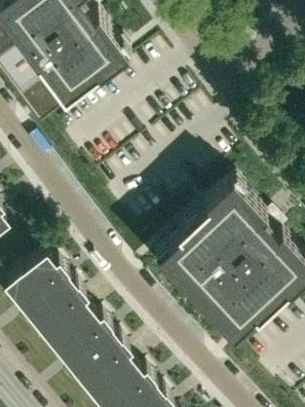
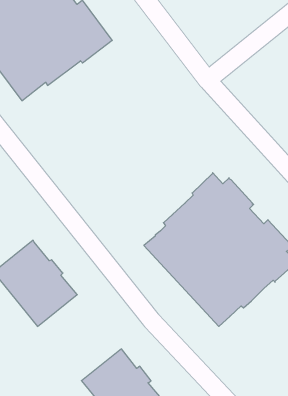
building: [49,302,134,388] -> none

